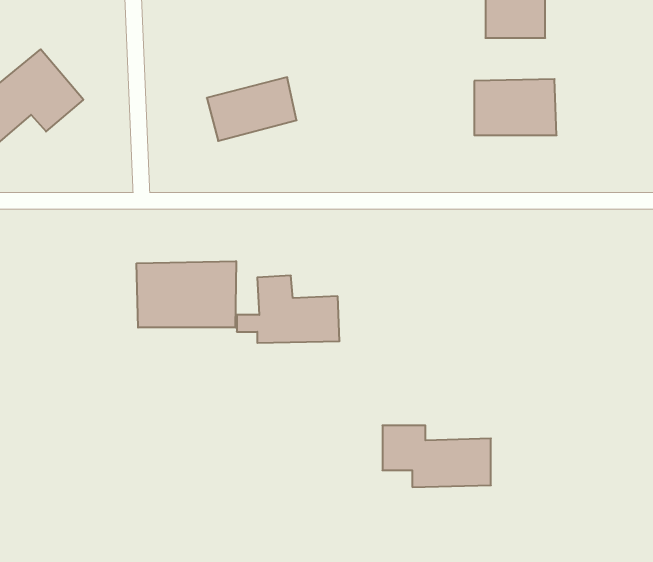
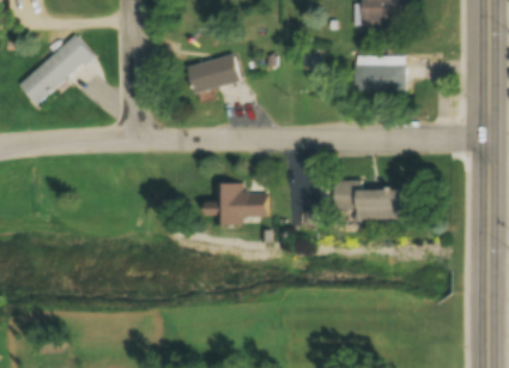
building: [137,261,236,328] -> none
building: [382,425,491,487] -> [333,181,402,221]

